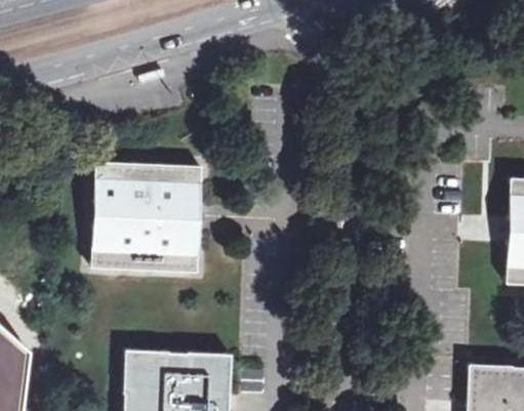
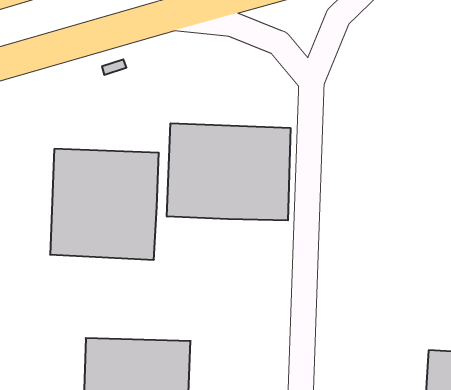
building: none -> [167,123,290,220]

